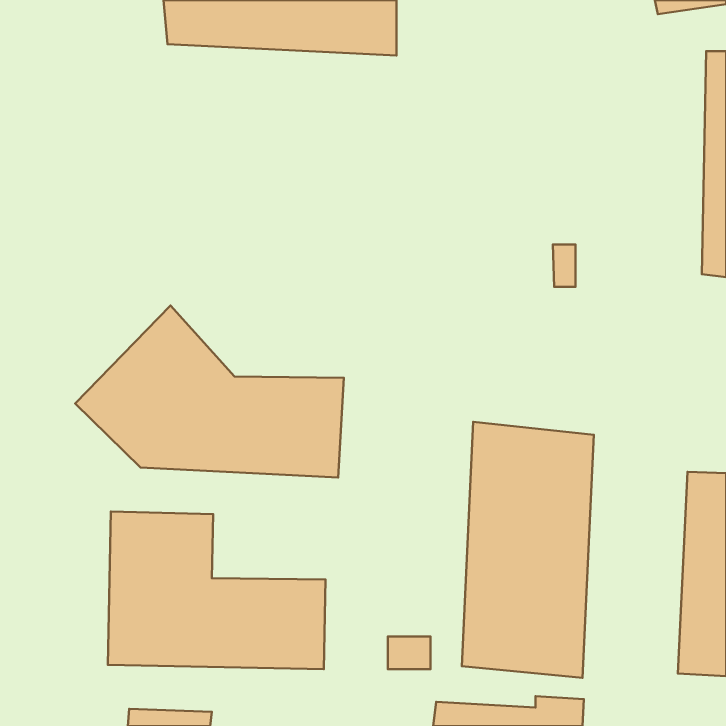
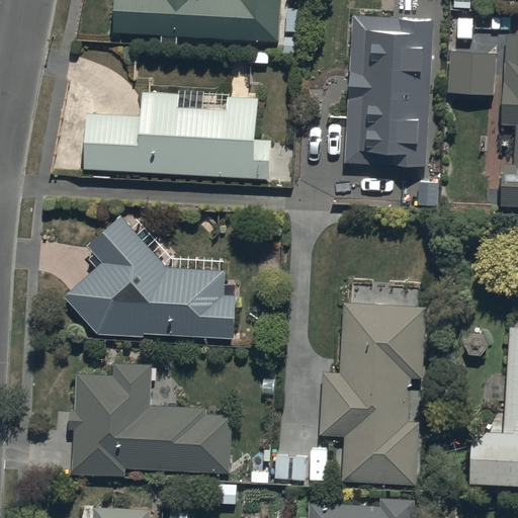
building: none -> [346,16,432,171]
building: none -> [447,48,495,91]
building: none -> [78,91,269,176]

